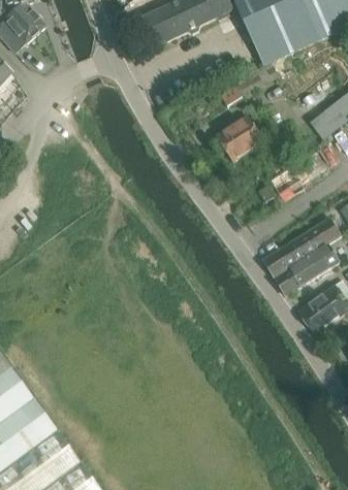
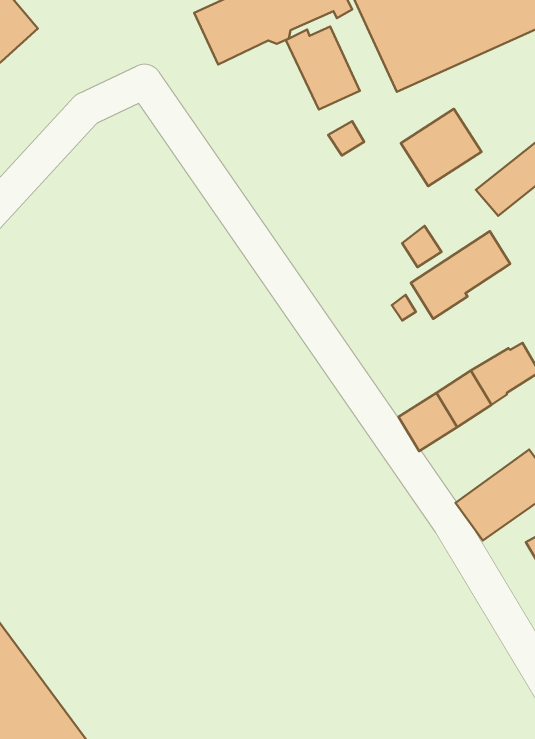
building: none -> [286,26,360,109]
building: [216,115,264,161] -> [401,109,481,186]
building: [276,246,339,295] -> none

